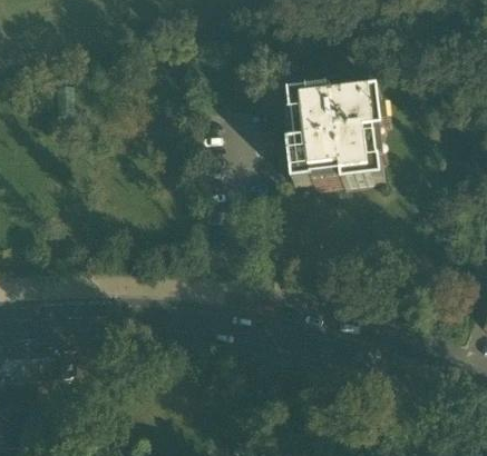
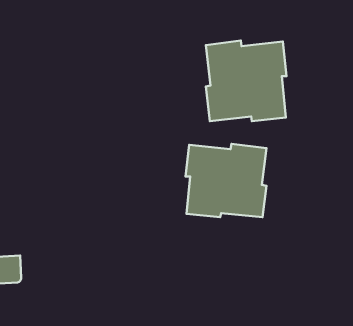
building: none -> [185,144,266,217]

